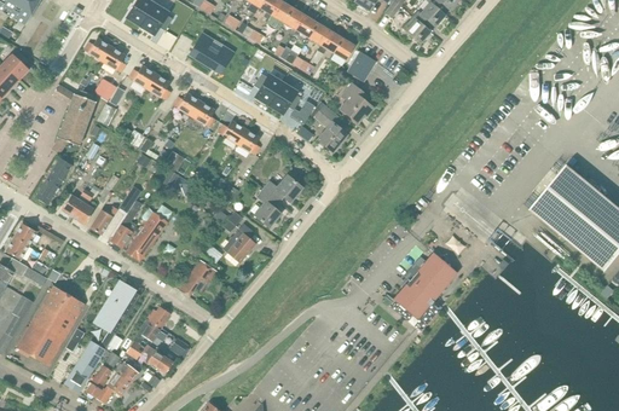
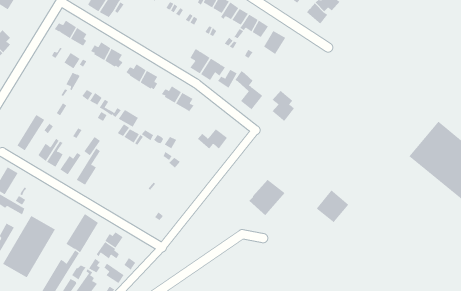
building: [187,33,233,75] -> none
building: [342,83,371,123] -> [272,90,295,122]
building: [52,86,96,152] -> none
building: [254,189,282,227] -> none
building: [126,204,174,261] -> none
building: [221,224,255,262] -> none
building: [178,260,216,296] -> none
building: [389,277,436,324] -> [248,179,286,216]

